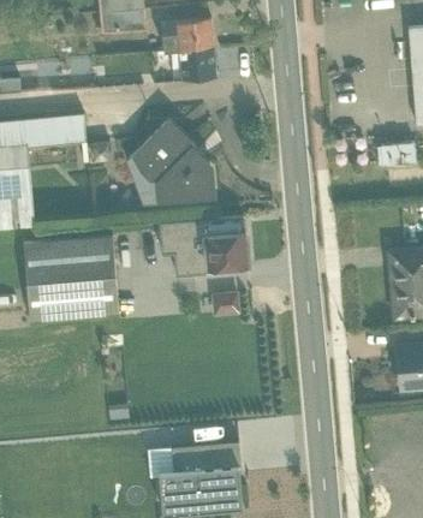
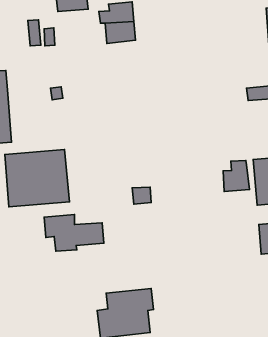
building: [24,114,87,161] -> none
building: [126,120,210,203] -> none
building: [160,220,248,274] -> [44,215,104,251]
building: none -> [223,161,250,192]

